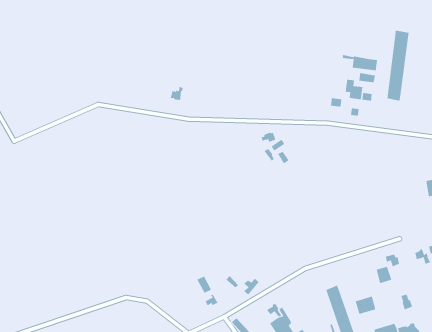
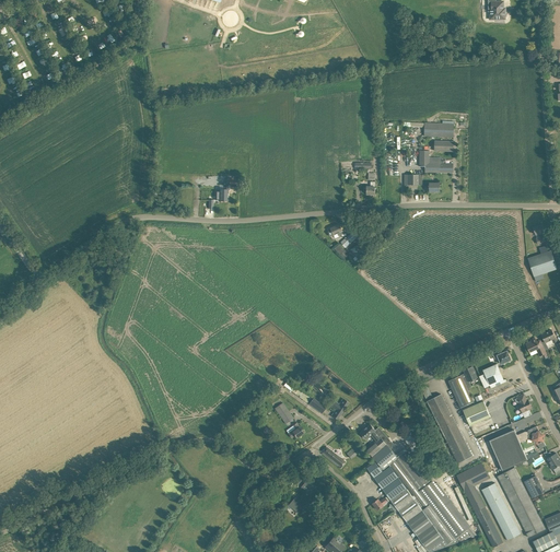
building: [387,30,409,101] -> none
building: none -> [447,366,477,408]

